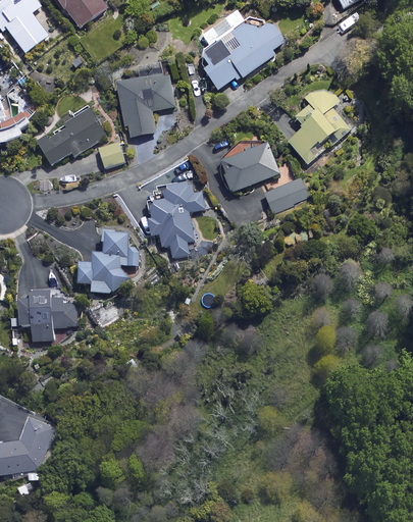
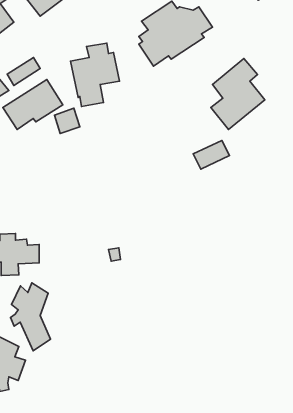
building: none -> [7,57,40,85]
building: [220,142,279,192] -> none
building: [148,182,205,258] -> none
building: [78,231,142,293] -> none
building: none -> [10,283,50,351]

